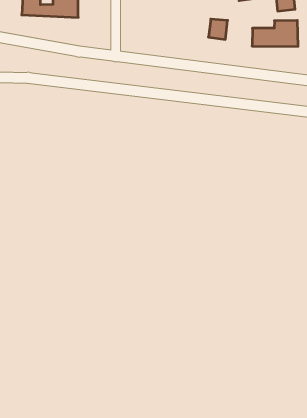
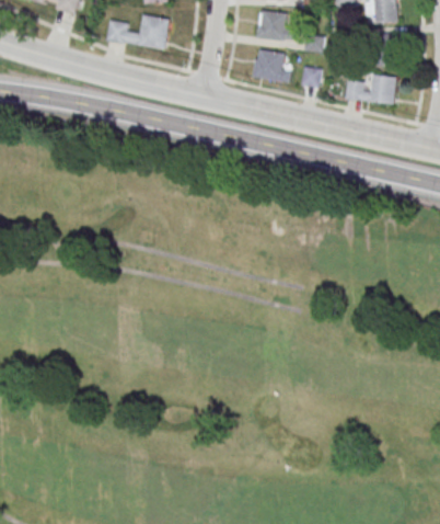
building: none -> [253,49,290,81]

